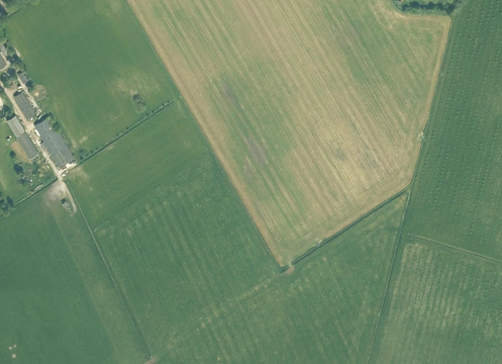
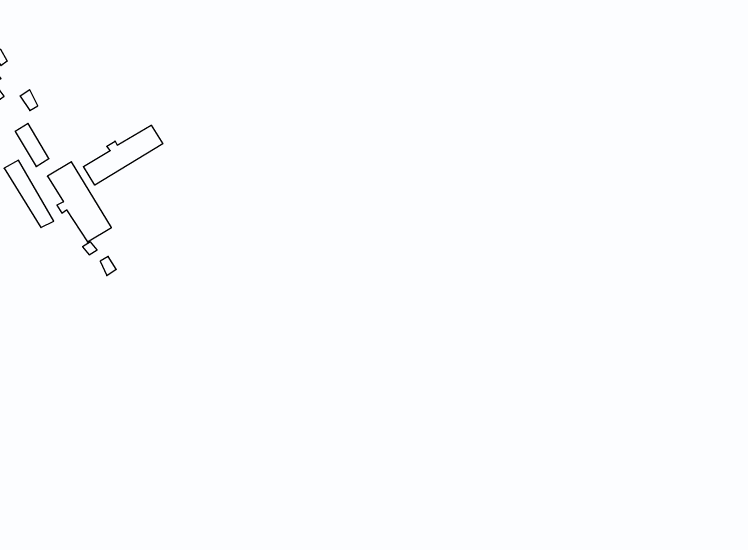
building: none -> [83,125,163,185]

